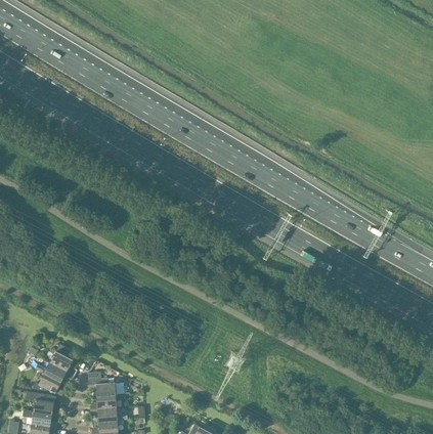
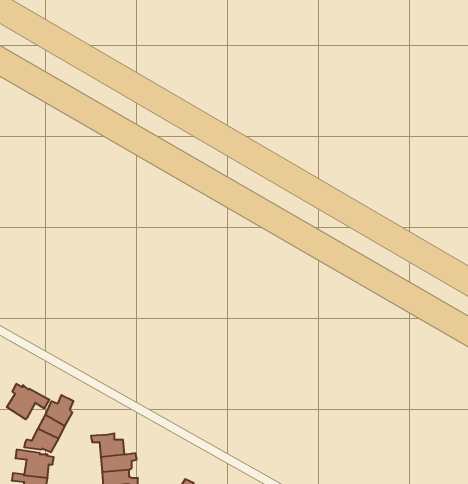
building: none -> [7,384,49,419]

